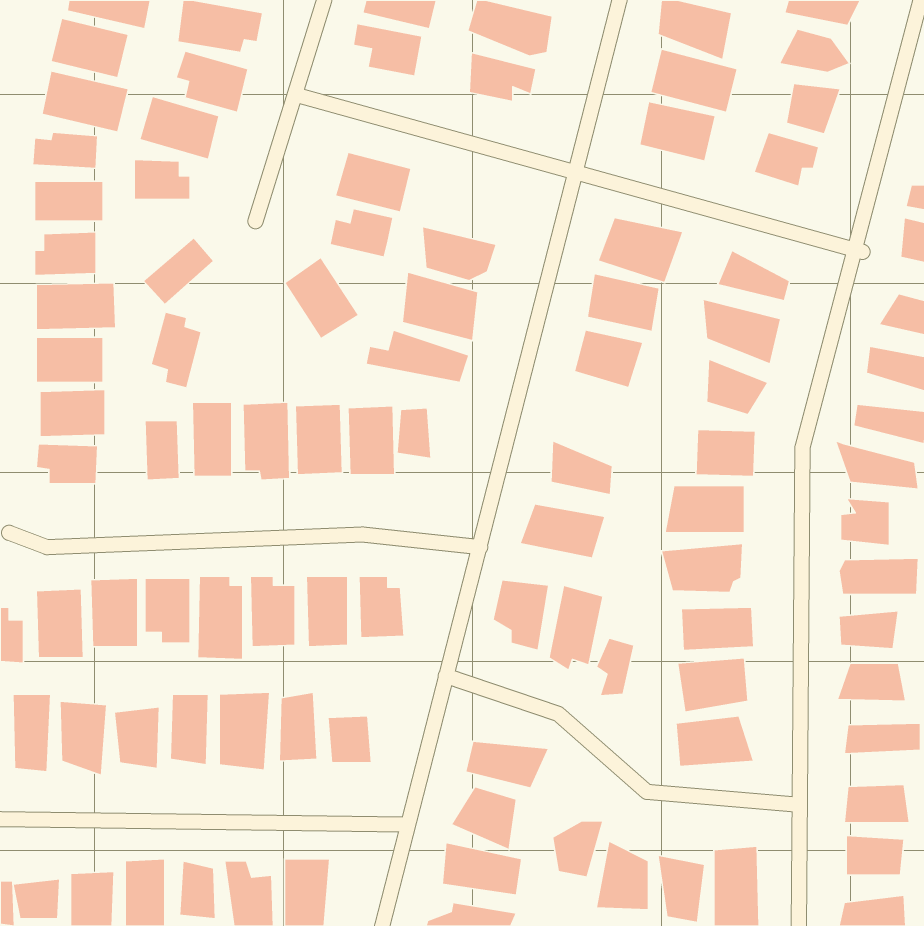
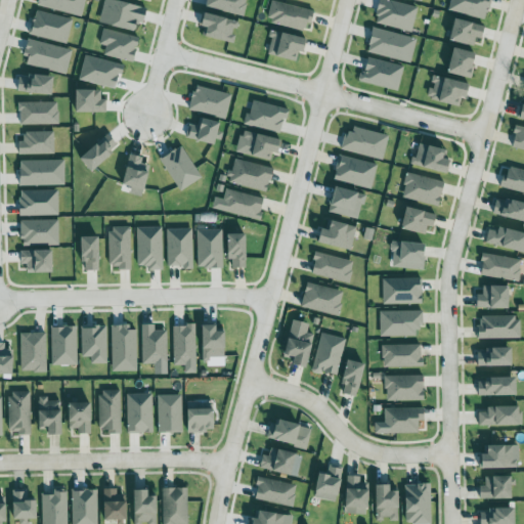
building: none -> [245,101,289,134]
building: [151,312,201,388] -> [124,155,152,198]
building: none -> [314,219,354,251]

